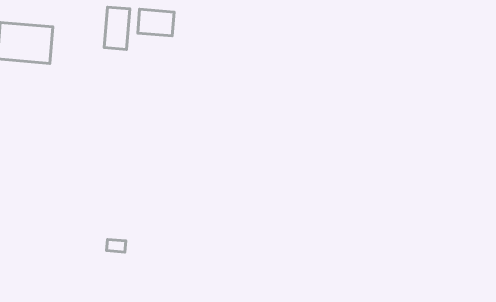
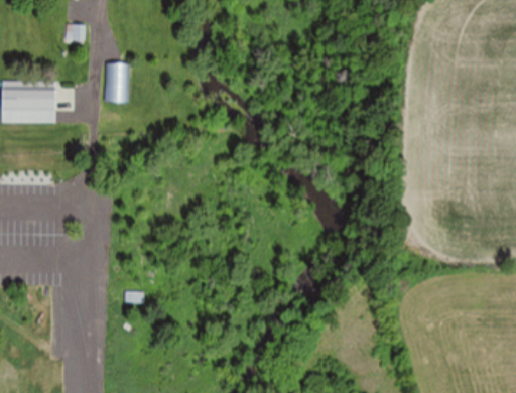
building: [138,9,174,36] -> none

